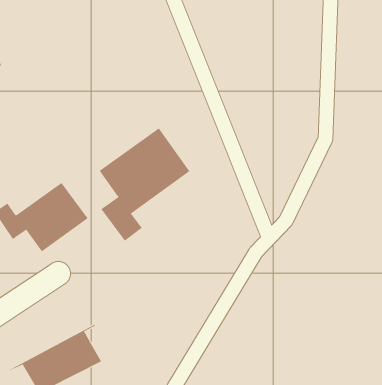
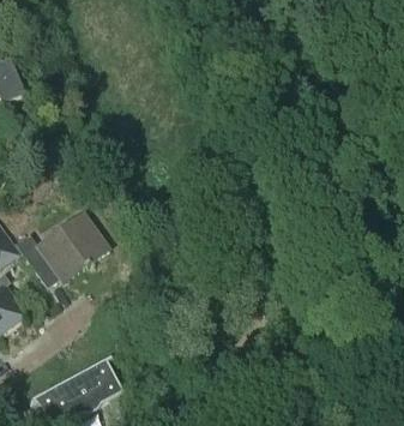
building: [99,127,190,242] -> none

